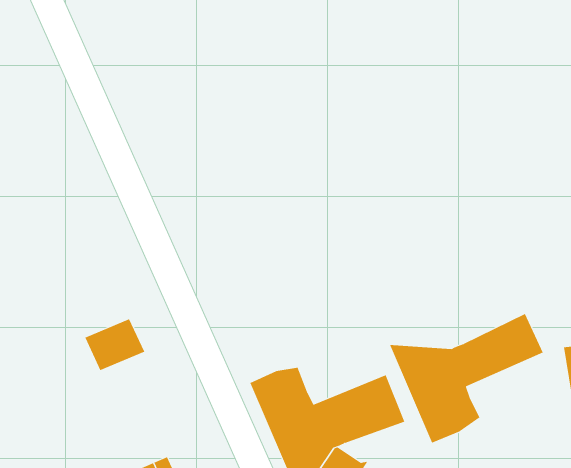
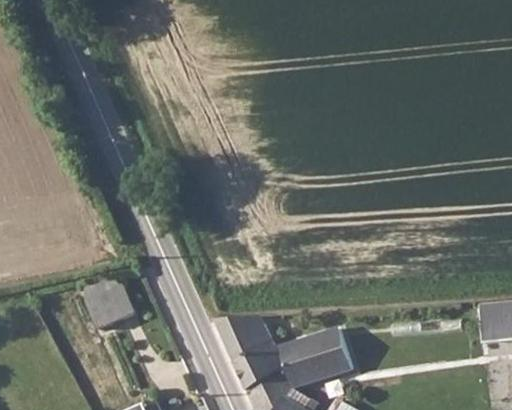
building: [389,313,543,443] -> none

